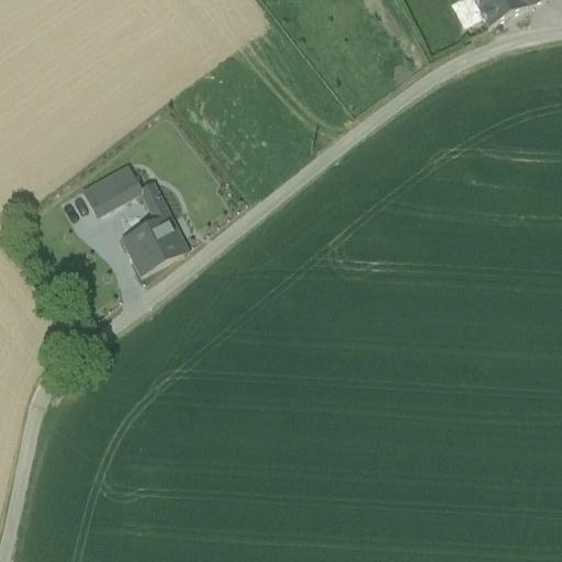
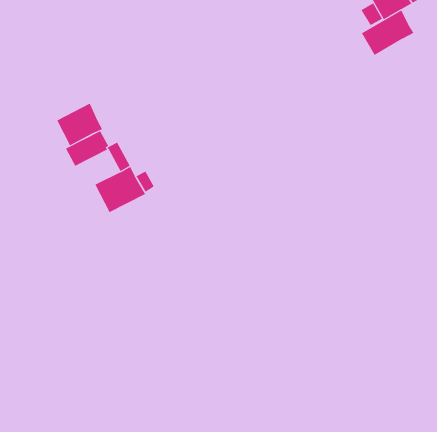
building: none -> [361,10,414,56]
building: none -> [57,103,103,146]

